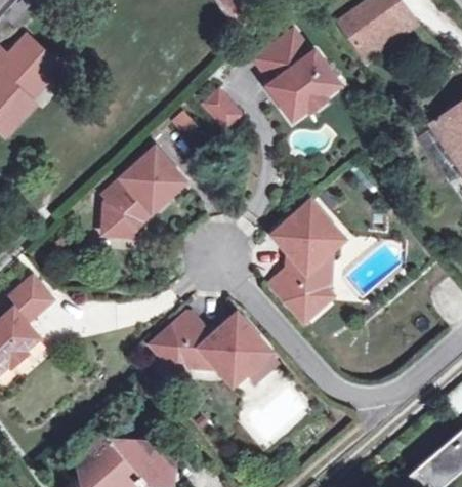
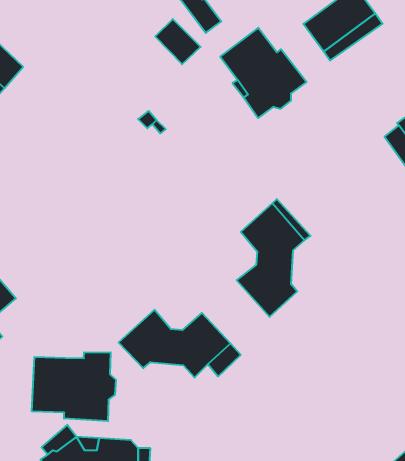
building: [200,85,245,130] -> [155,19,201,64]
building: [106,151,183,235] -> none
building: none -> [32,352,116,421]

